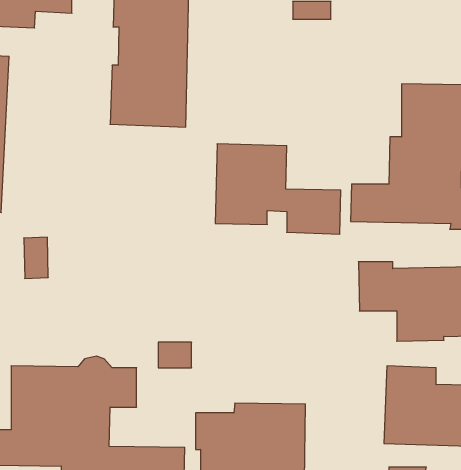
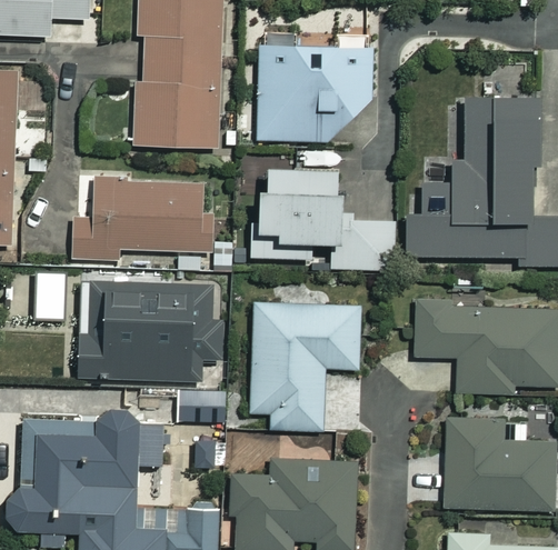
building: none -> [259,50,372,141]
building: none -> [72,180,212,260]
building: none -> [76,282,220,382]
building: none -> [252,304,359,430]

